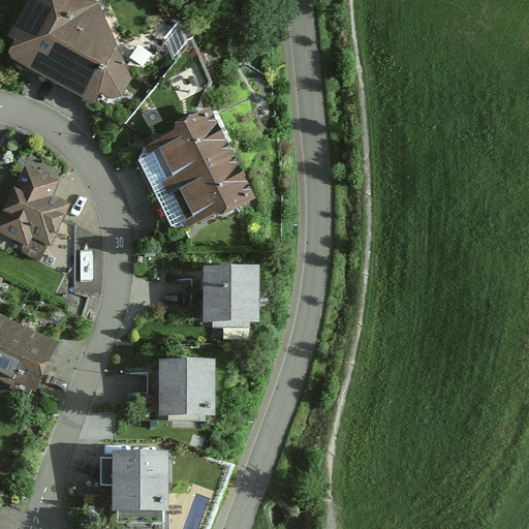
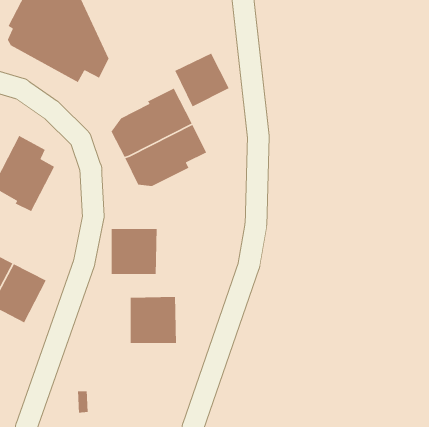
building: none -> [174,53,230,108]
building: [203,266,259,322] -> [111,228,157,275]
building: [112,453,169,514] -> none

